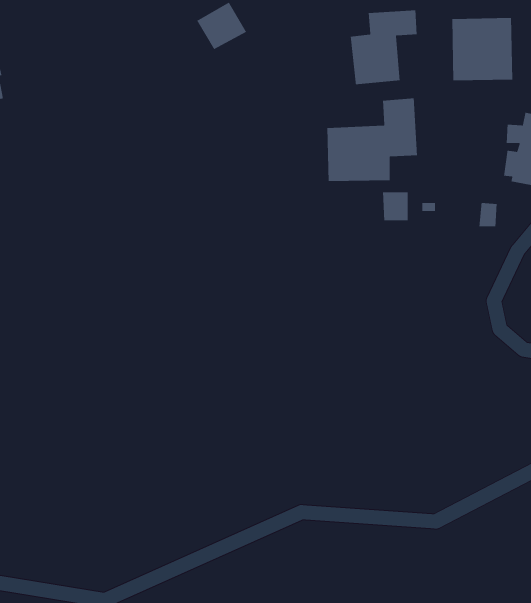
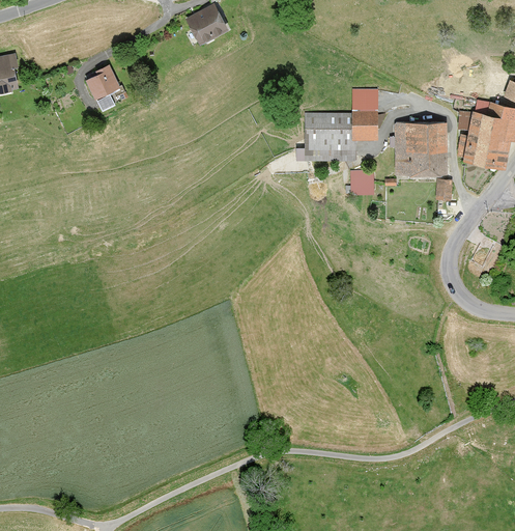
building: [350,10,417,85] -> none
building: [451,17,513,81] -> [394,120,448,176]
building: none -> [86,66,121,99]

